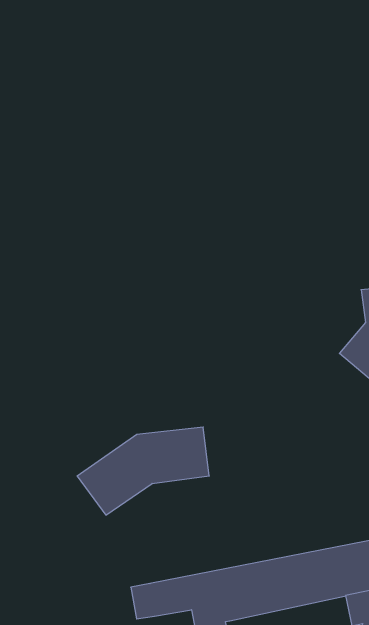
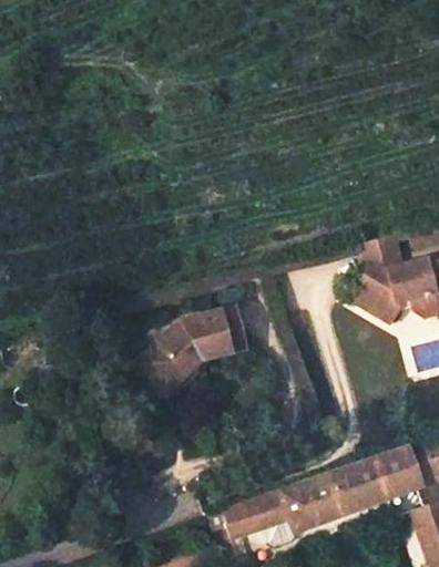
building: [77,427,209,515] -> [140,307,249,392]

